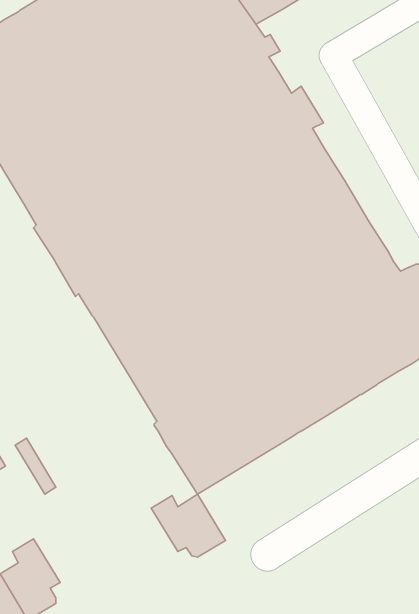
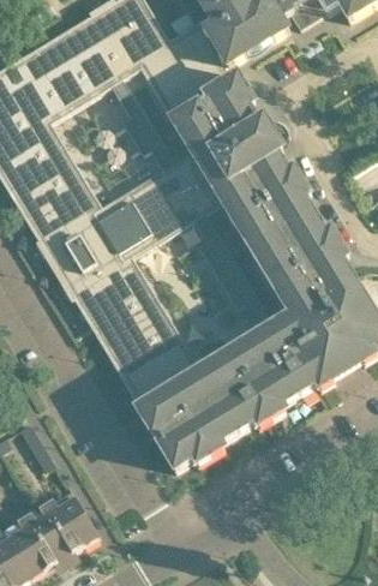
building: [151,494,225,557] -> [36,497,100,551]

